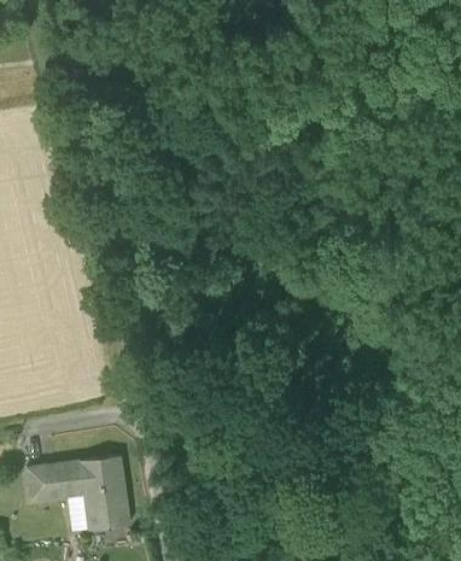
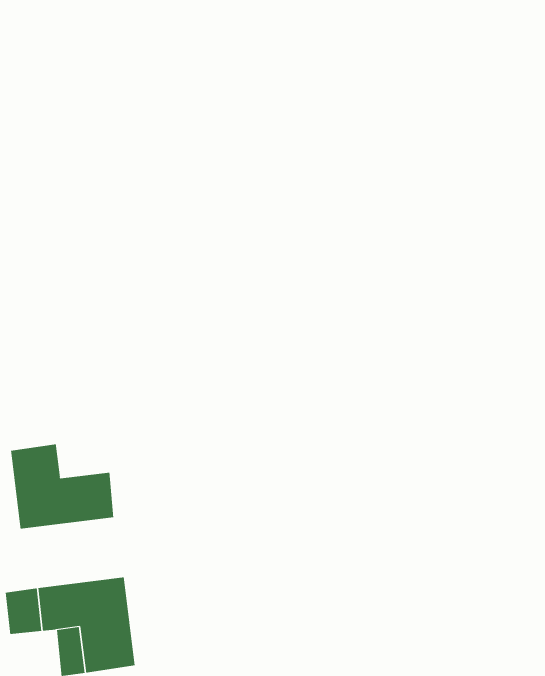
building: none -> [10,444,114,530]

